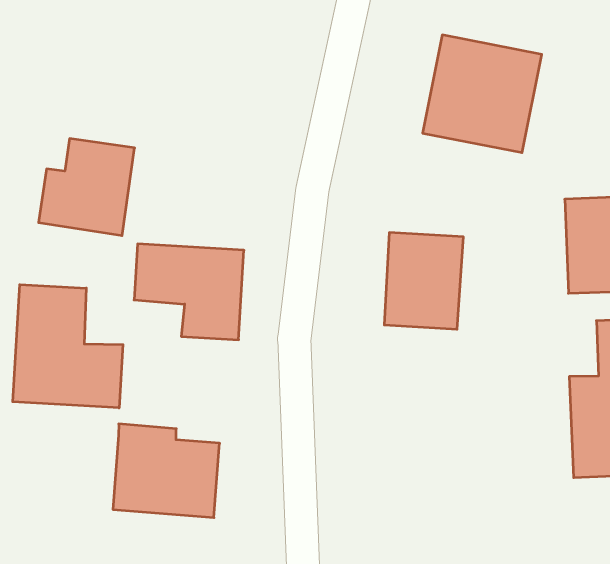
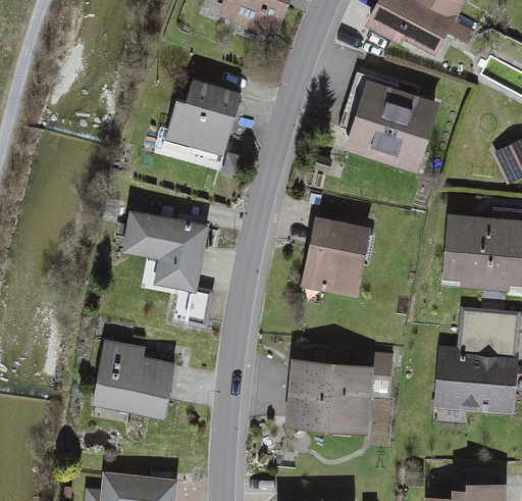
building: [39,139,135,236] -> [163,79,240,154]
building: [13,285,123,408] -> none
building: none -> [289,362,379,437]

